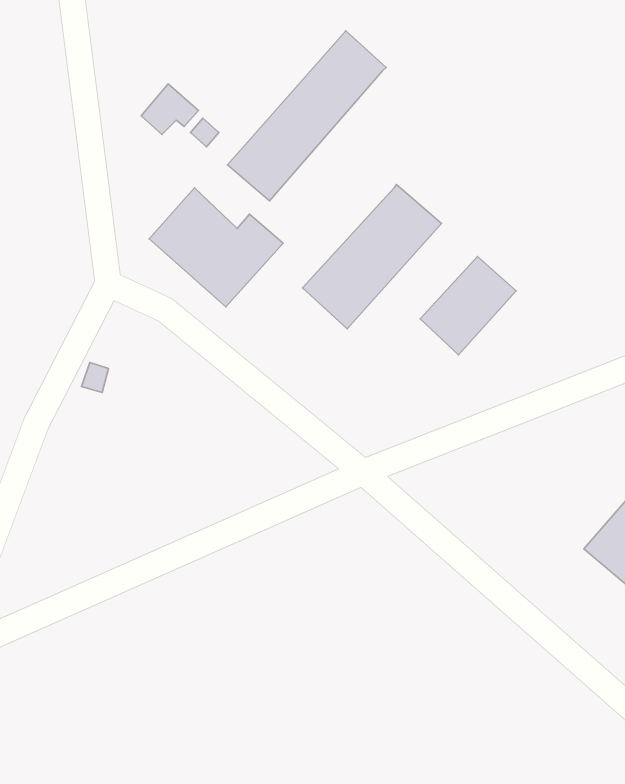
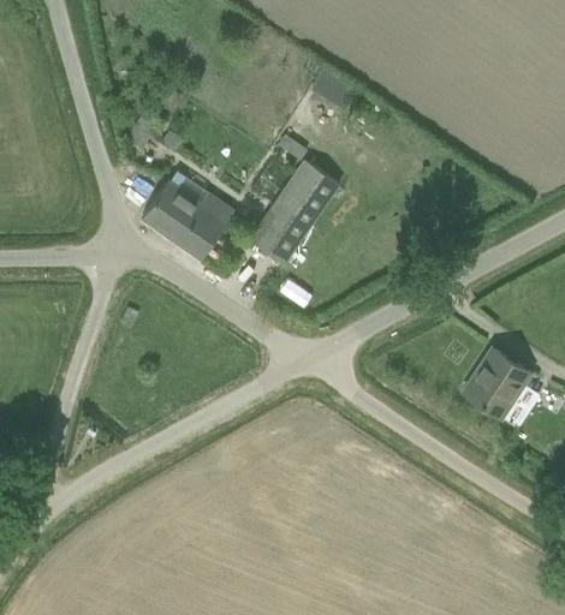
building: [227,31,386,201] -> none
building: [420,256,516,355] -> none

